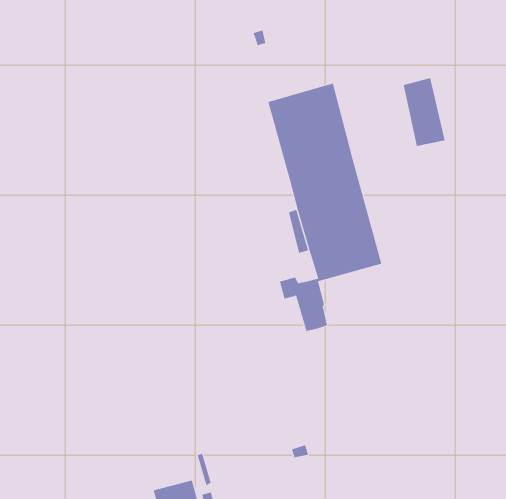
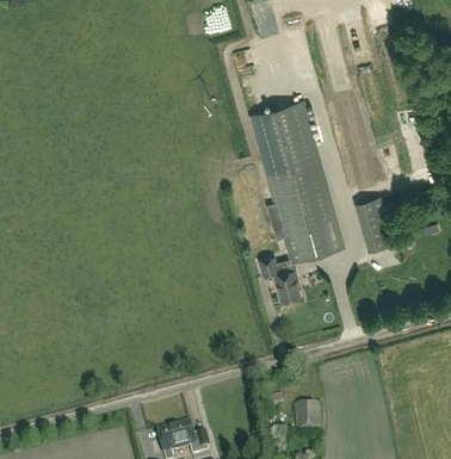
building: [403,77,446,147] -> [358,198,393,254]
building: none -> [295,405,320,433]

